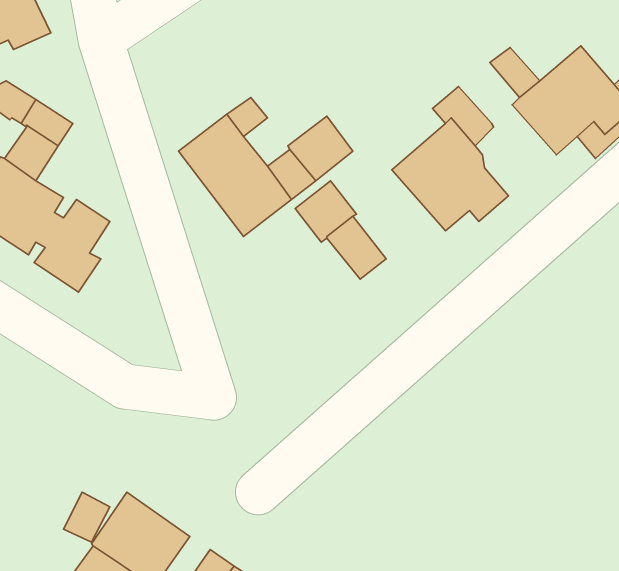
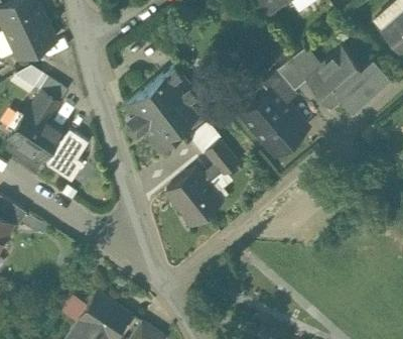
building: none -> [276,59,309,92]
building: none -> [165,170,222,227]

